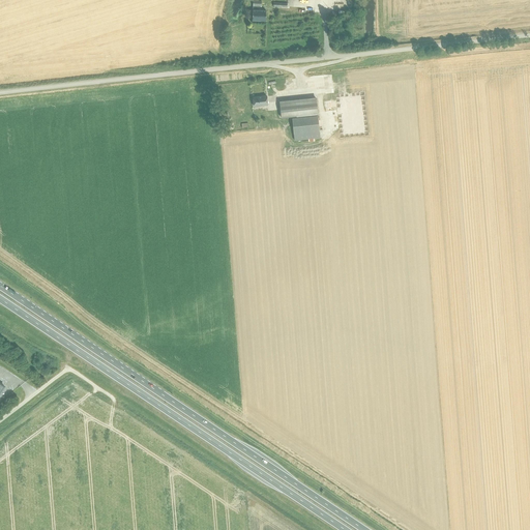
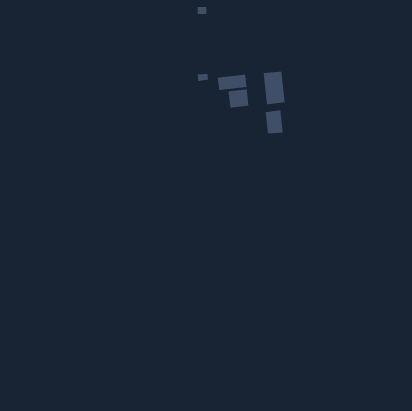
building: none -> [265,110,283,134]

